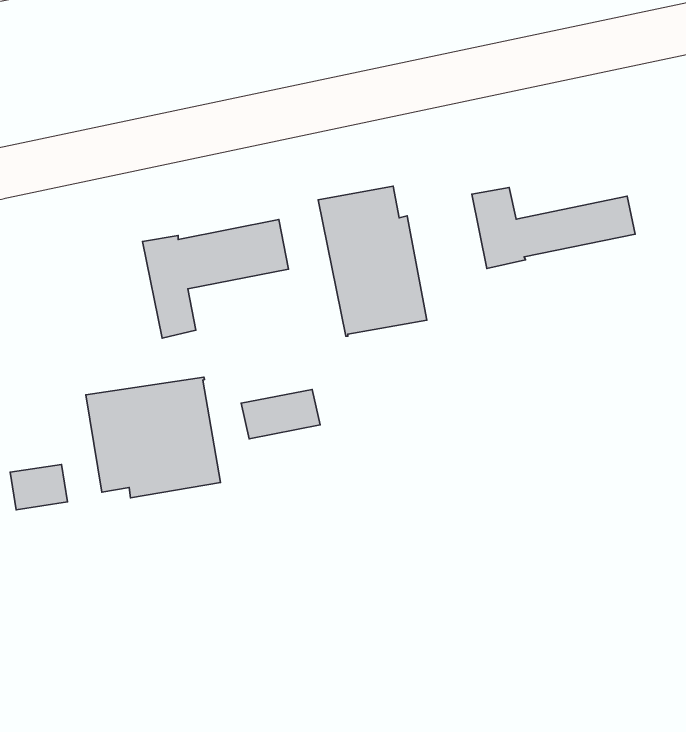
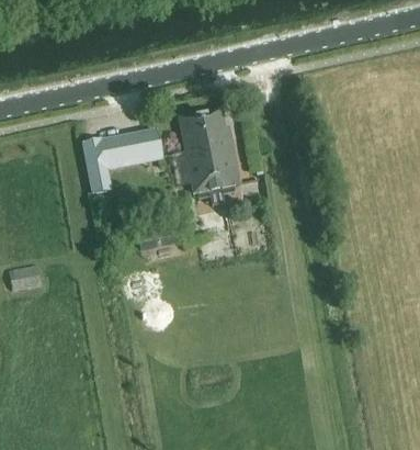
building: [472,187,635,268] -> none
building: [86,377,220,498] -> none

